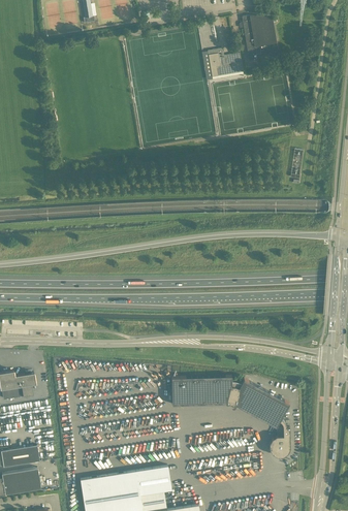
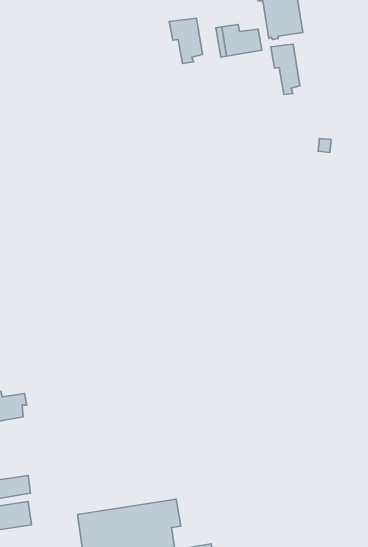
building: none -> [169,18,202,63]
building: none -> [271,44,300,95]
building: [171,377,290,455] -> none

